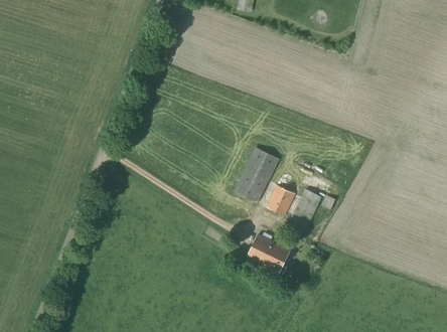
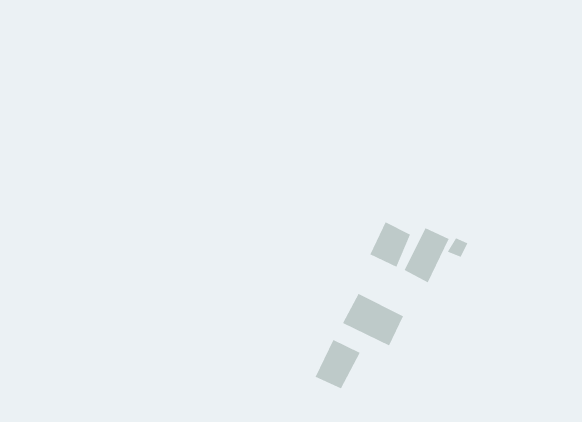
building: [233,147,279,203] -> none
building: none -> [315,339,360,389]

